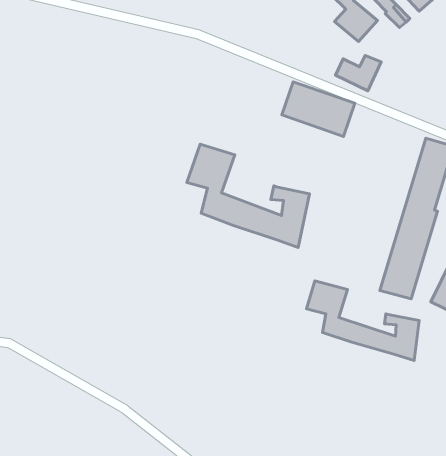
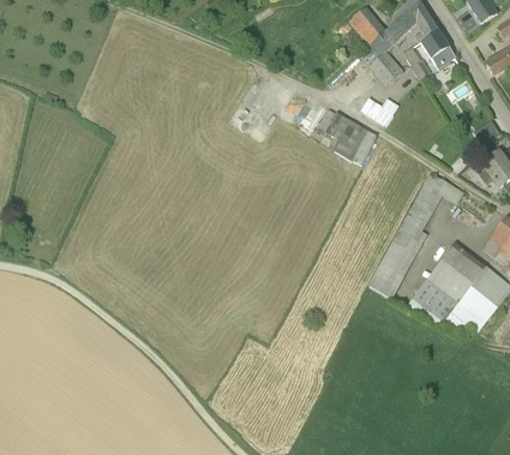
building: [187,144,310,248] -> none
building: [306,281,419,360] -> none

